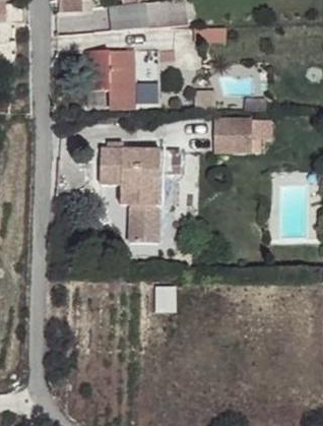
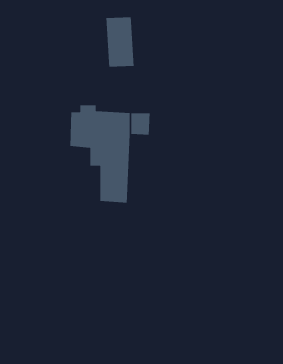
building: [87,52,138,104] -> none
building: [214,117,253,153] -> none

